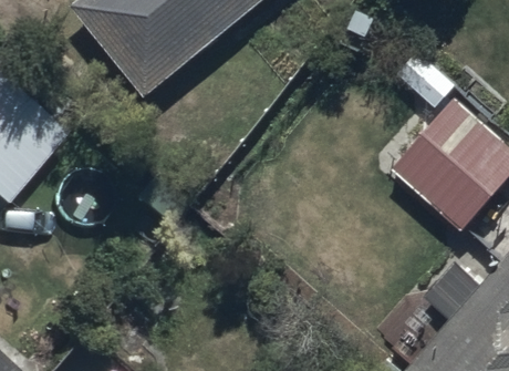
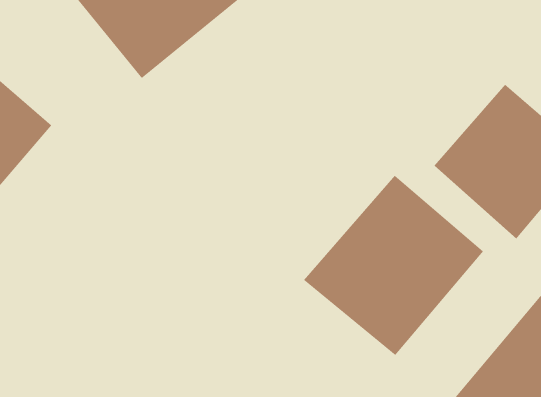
building: none -> [303,175,484,356]

